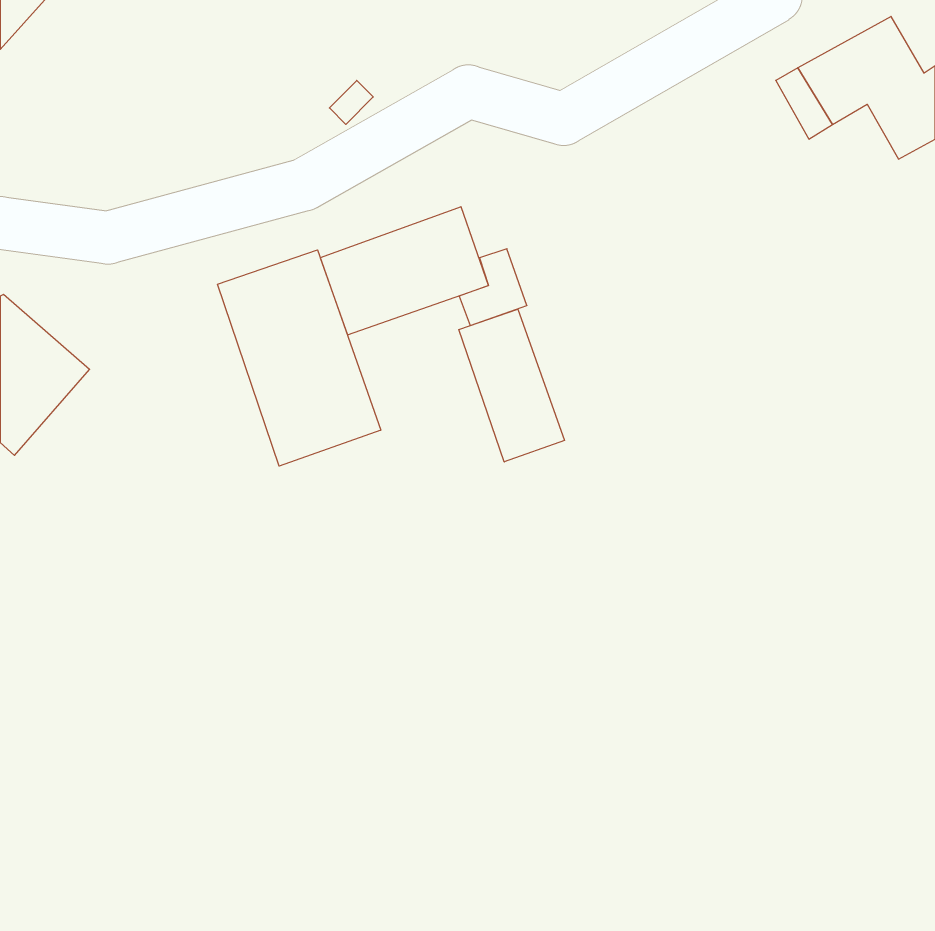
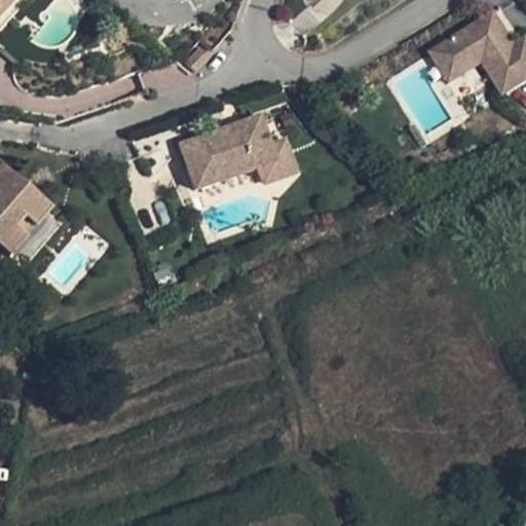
building: [218,250,381,466] -> none
building: [459,309,564,462] -> none

